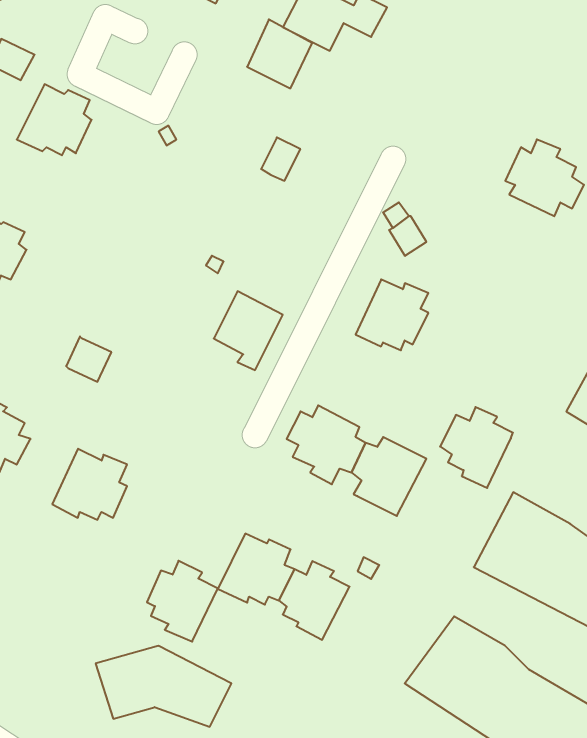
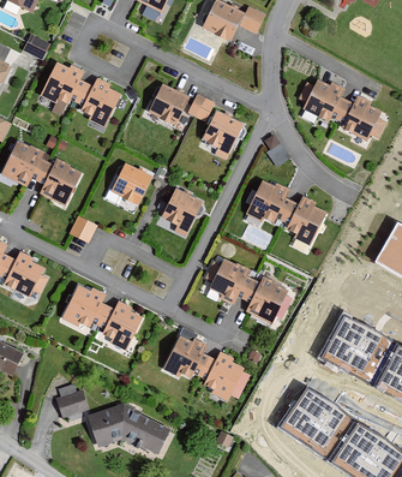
building: [247,19,312,88] -> [150,83,190,125]
building: none -> [77,78,121,127]
building: none -> [299,79,348,121]
building: none -> [203,111,244,160]
building: none -> [37,159,83,207]
building: none -> [112,163,152,203]
building: [440,407,513,488] -> [282,196,326,245]
building: [147,561,218,642] -> [100,300,143,350]
building: none -> [56,384,90,422]

